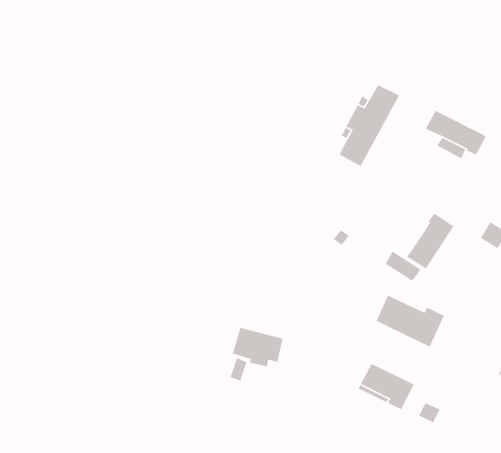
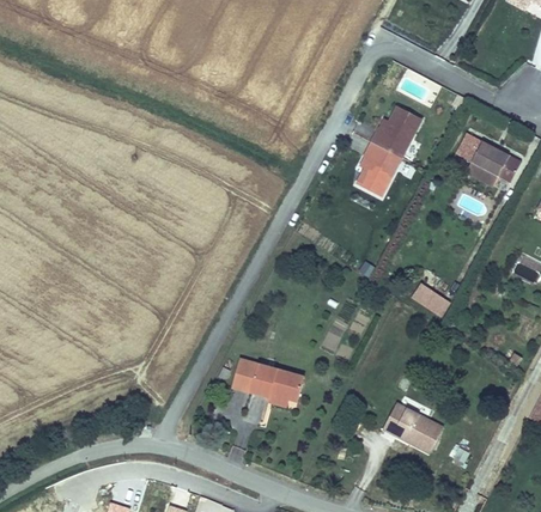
building: [406,213,455,269] -> none
building: [376,294,445,348] -> none
building: none -> [232,358,257,392]

